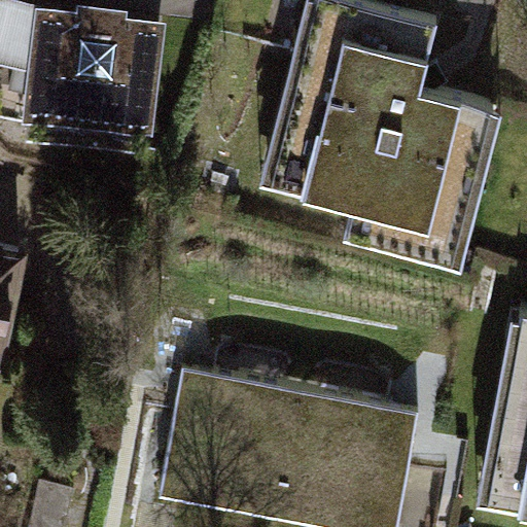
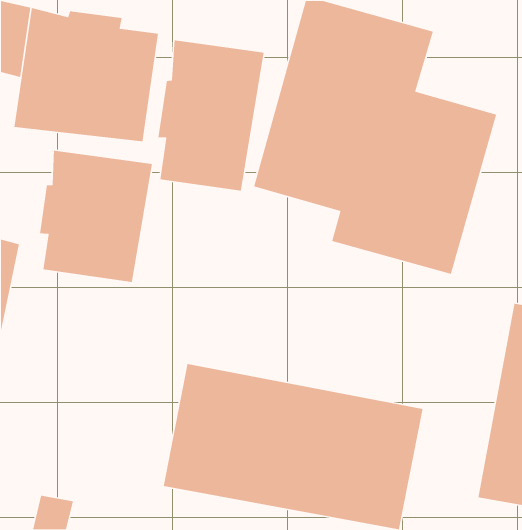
building: none -> [158,40,264,191]
building: none -> [39,150,153,283]

